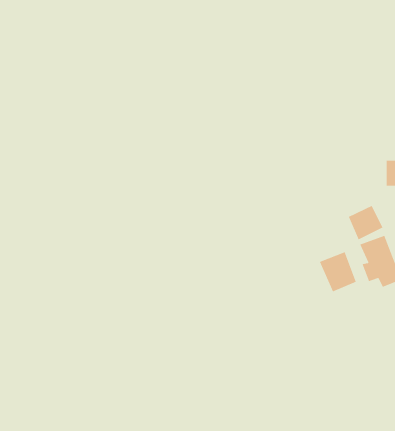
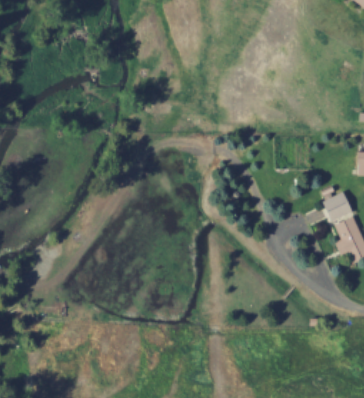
building: [319,251,357,292] -> none

